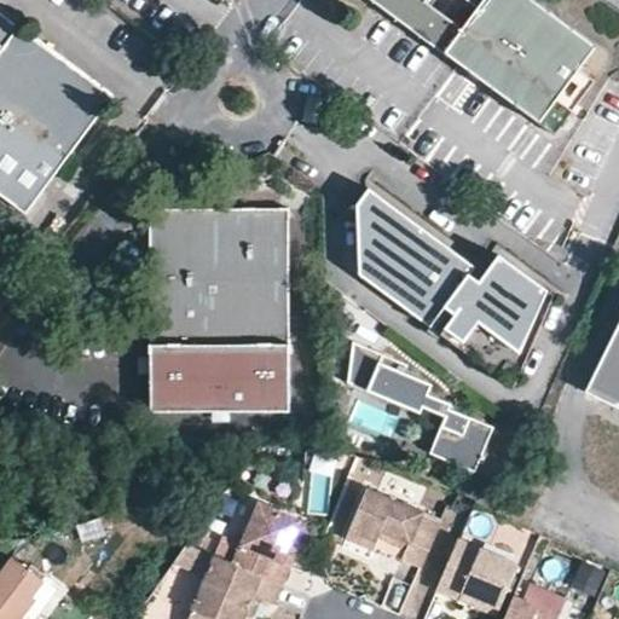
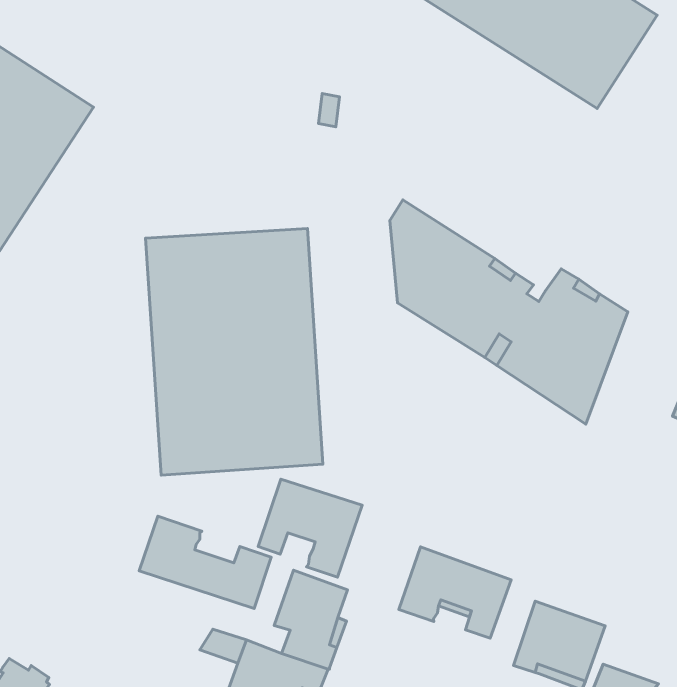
building: [347,342,493,473] -> none
building: none -> [258,479,362,577]
building: none -> [139,516,271,608]

